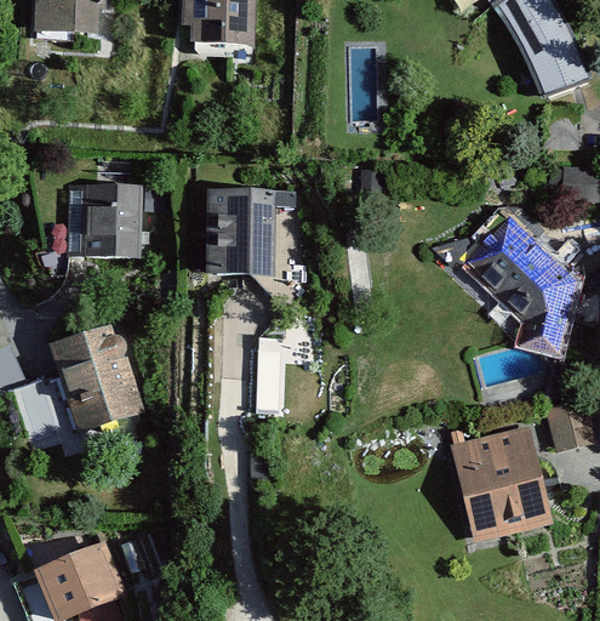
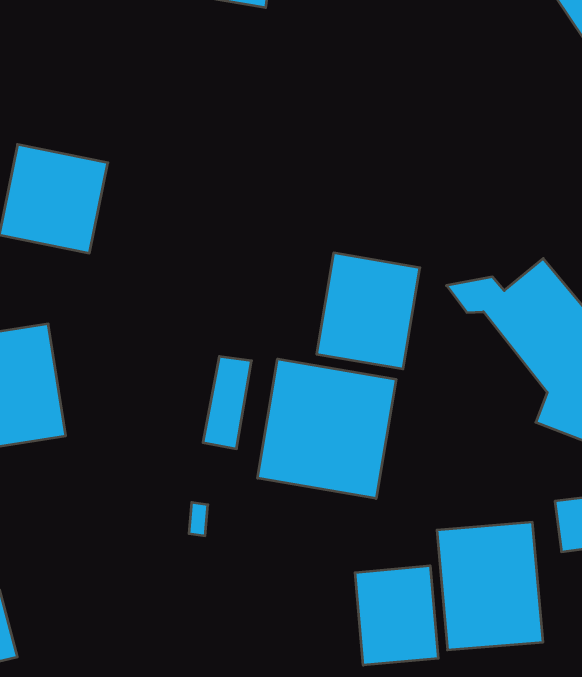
building: [200,188,274,274] -> [317,253,420,369]
building: none -> [258,359,396,499]
building: none -> [355,566,438,665]

